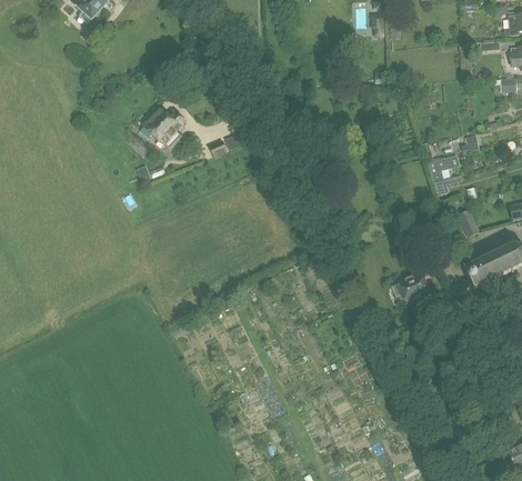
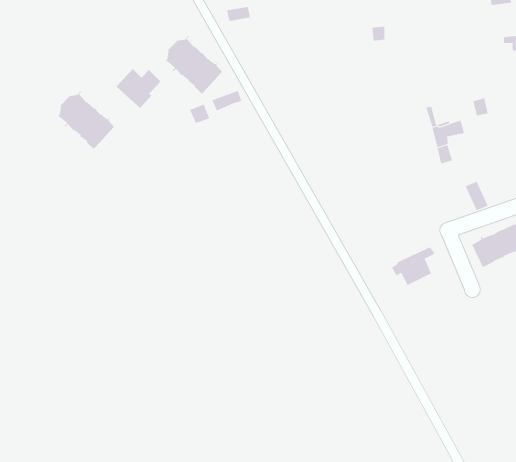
building: none -> [164,35,225,97]
building: none -> [56,90,117,152]

